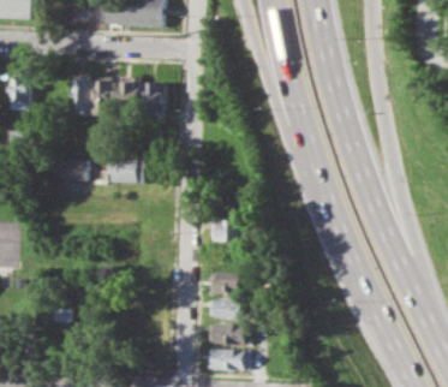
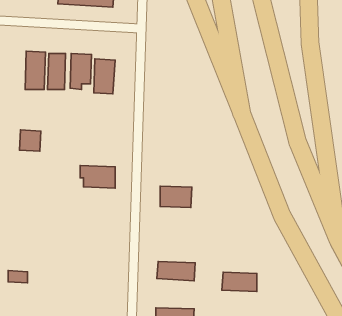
building: [106,159,143,183] -> [80,166,115,188]
building: [209,272,246,294] -> none
building: [208,323,245,344] -> [222,272,257,291]

